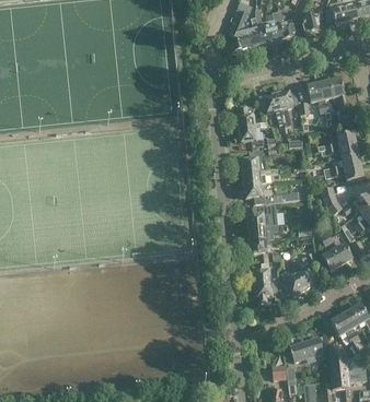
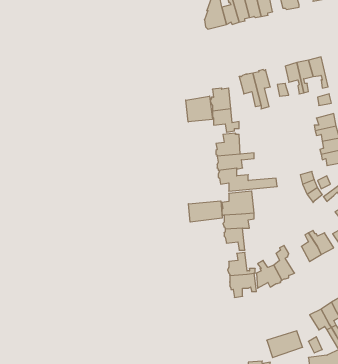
building: none -> [186,96,212,122]
building: none -> [188,201,222,222]

